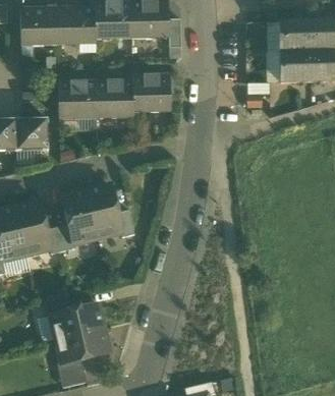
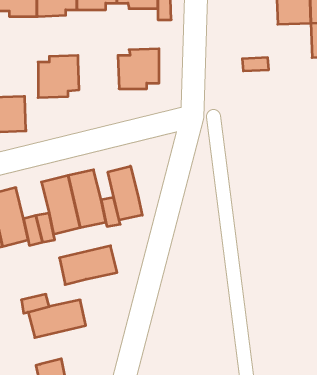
building: [278,51,310,83] -> none
building: [95,80,132,118] -> none
building: none -> [108,166,142,220]
building: [55,328,108,363] -> [59,246,117,285]

